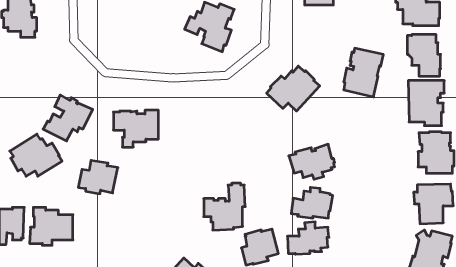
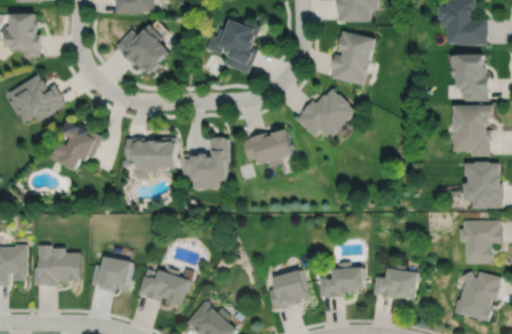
building: none -> [116,25,170,73]
building: [344,48,383,97] -> [331,31,375,85]
building: [10,134,62,176] -> [7,75,65,122]
building: [289,144,335,179] -> [241,128,292,167]
building: [78,160,118,194] -> [90,256,134,293]
building: [204,183,245,230] -> [182,137,228,189]
building: [291,187,333,218] -> [373,265,419,299]
building: none -> [138,268,193,306]

